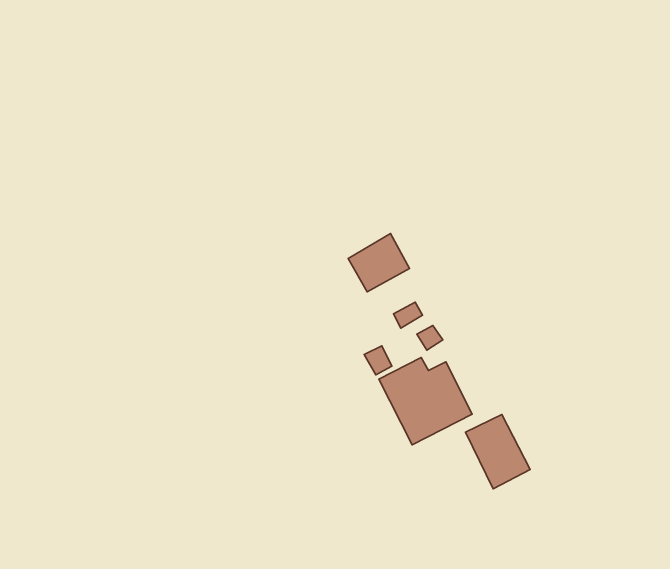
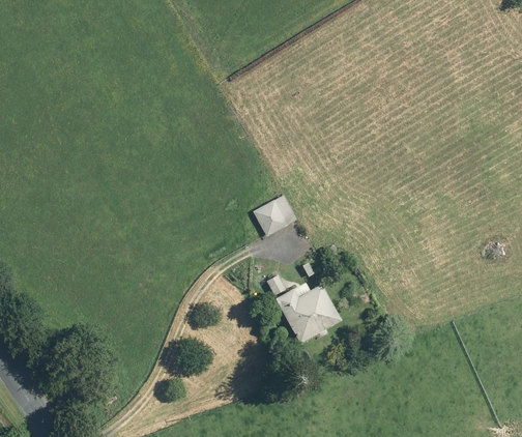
building: [466,414,530,489] -> none

